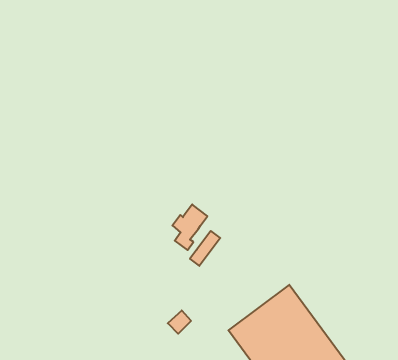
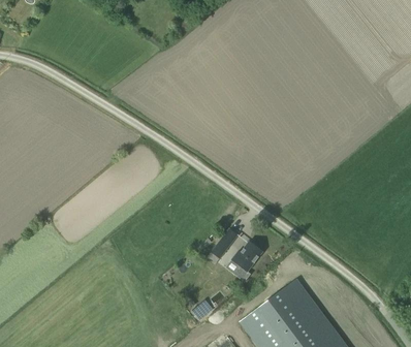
building: [172,204,207,250] -> [231,242,262,282]

